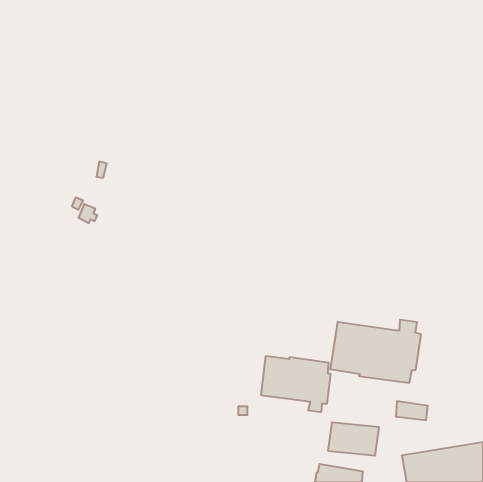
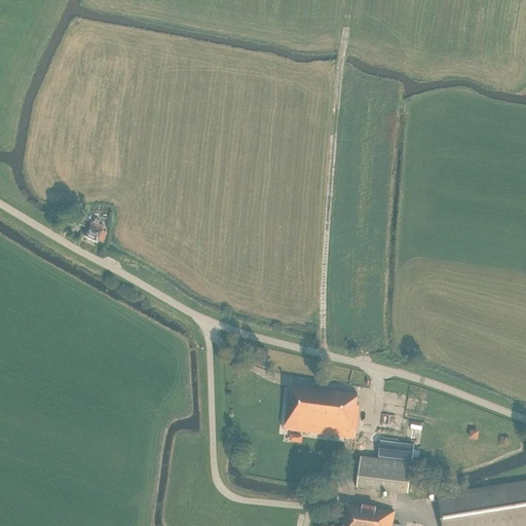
building: [330,320,421,383] -> none
building: [396,401,428,420] -> [379,442,414,462]

